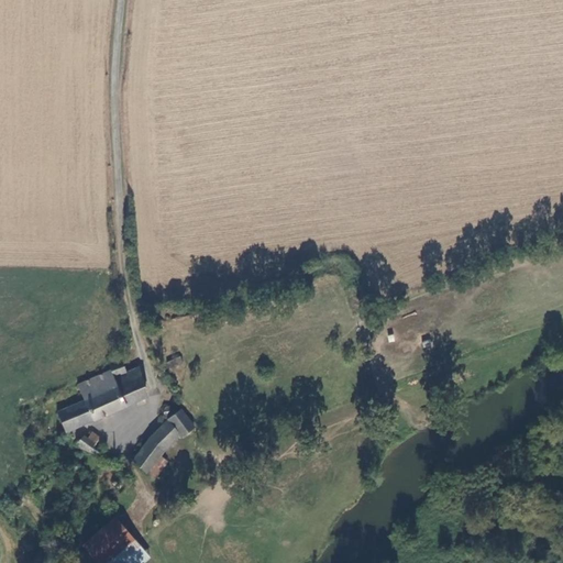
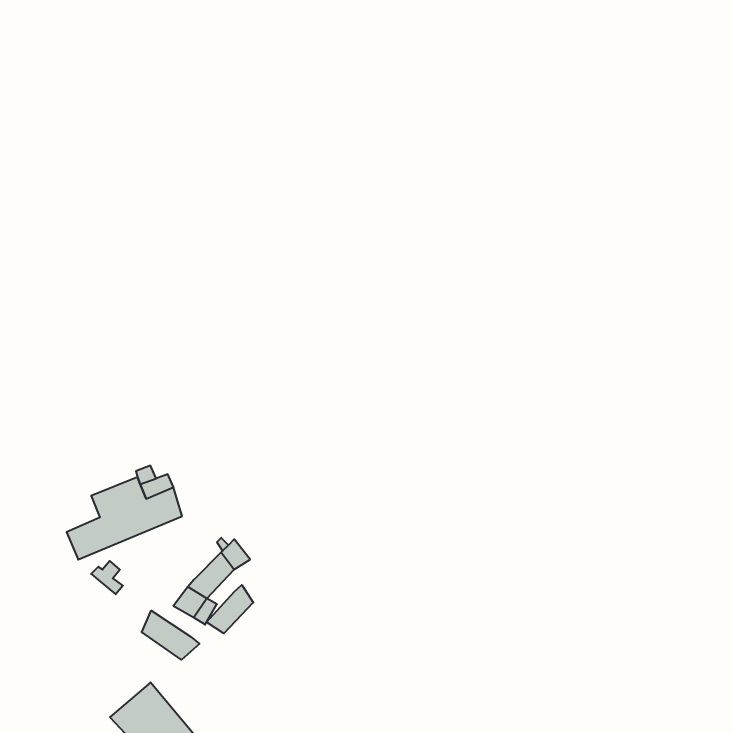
building: none -> [207,585,253,633]
building: none -> [142,611,199,660]

